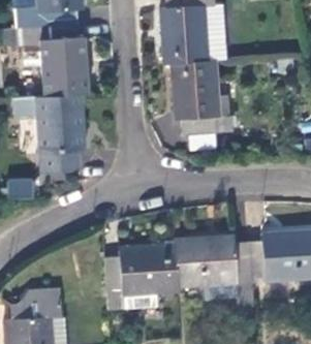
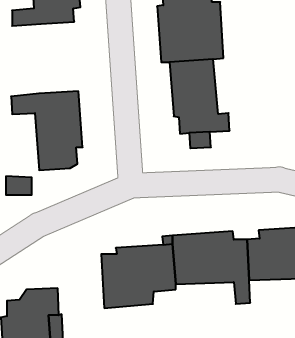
building: [14,24,88,95] -> none

